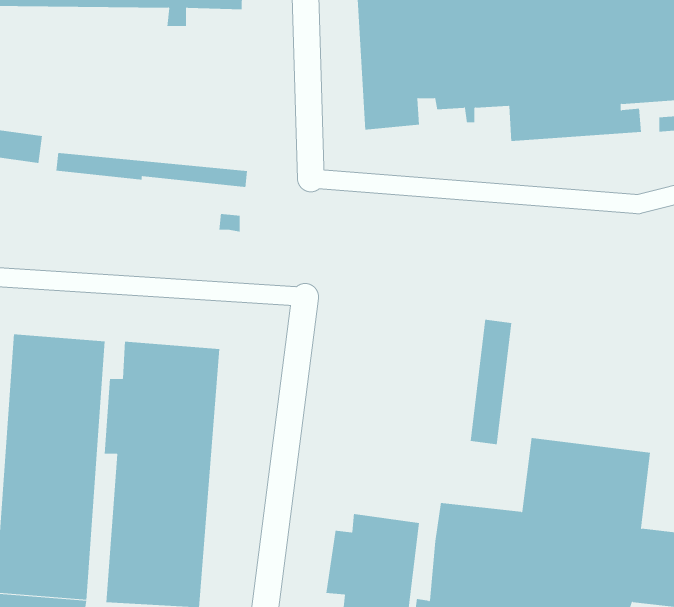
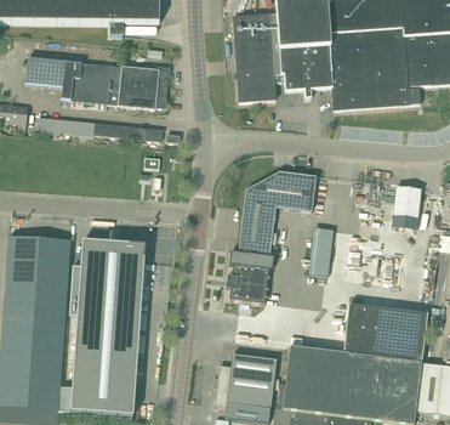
building: none -> [25,57,170,108]
building: none -> [230,171,317,302]
building: none -> [394,186,422,219]

